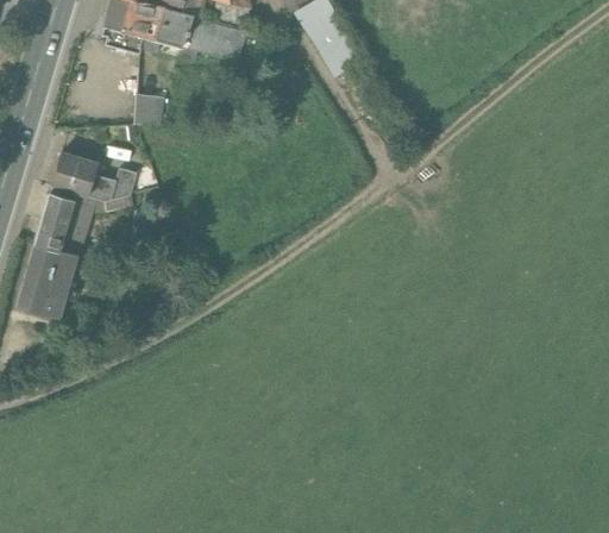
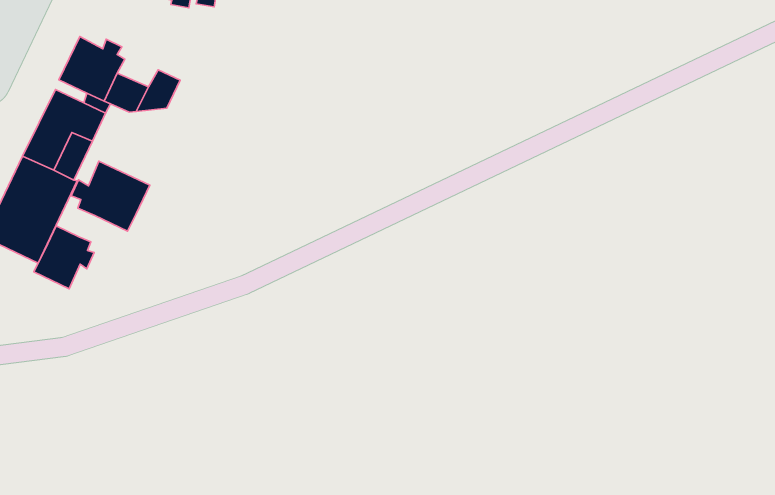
building: none -> [71,161,150,231]
building: none -> [34,226,94,289]

